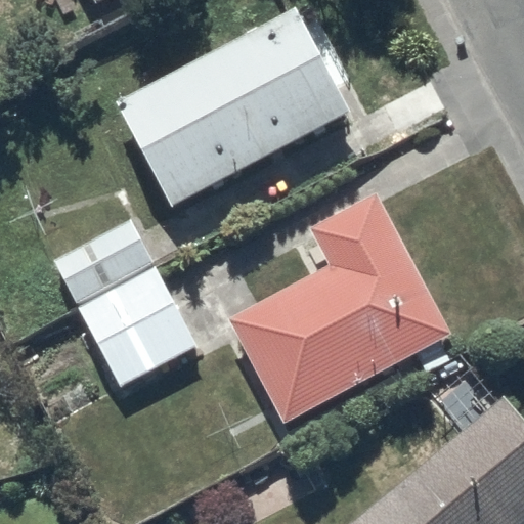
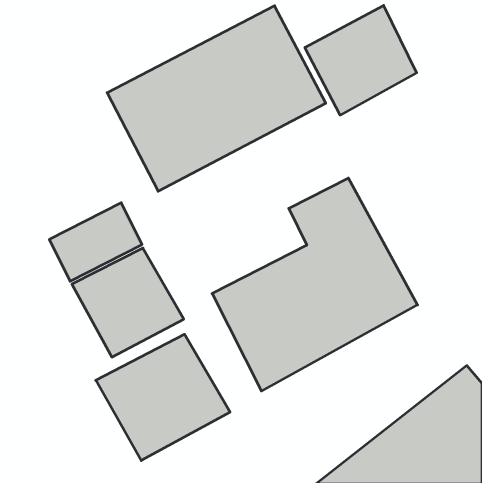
building: none -> [305,5,417,115]
building: none -> [96,334,230,461]

